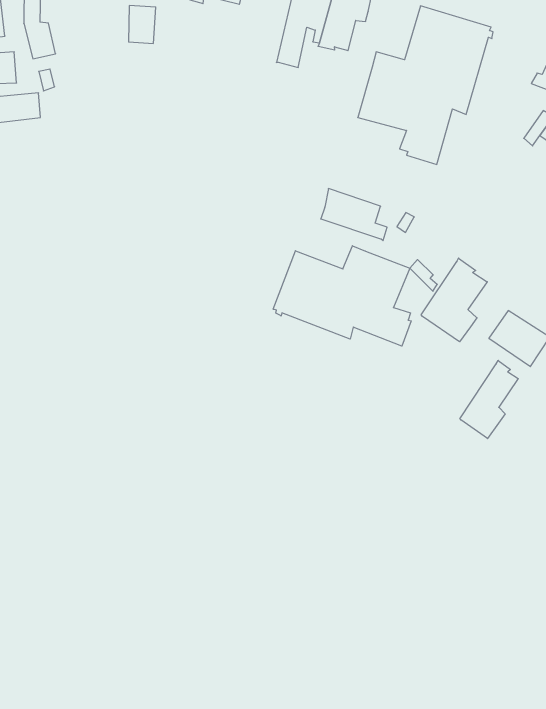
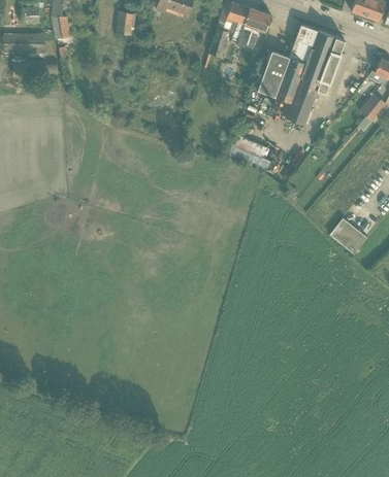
building: [273,246,411,346] -> none
building: [421,258,487,342] -> none
building: [460,360,518,439] -> none

